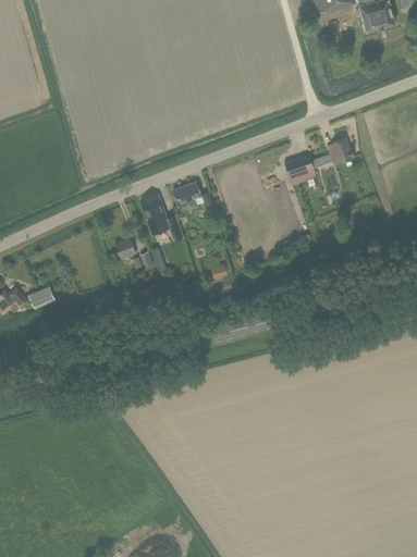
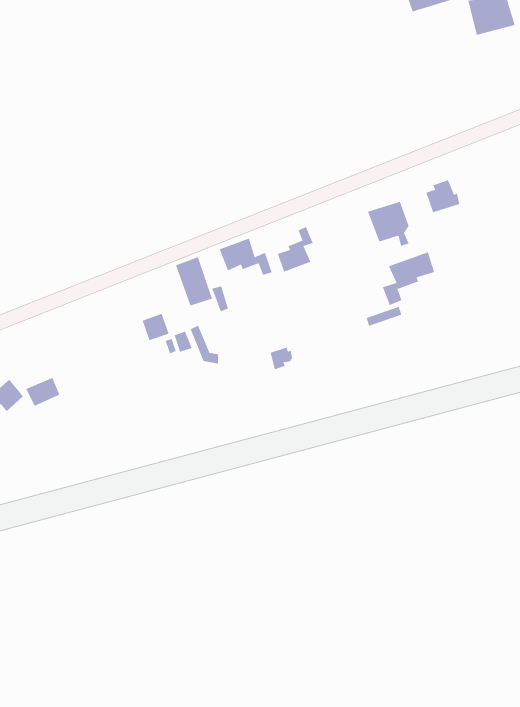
building: none -> [277,226,313,273]
building: none -> [382,252,435,306]

